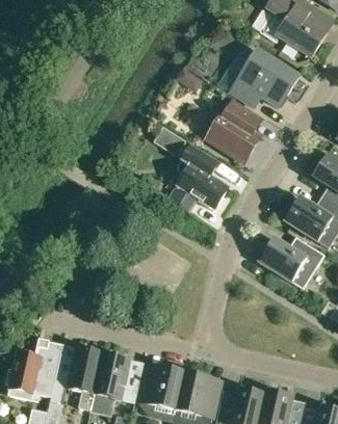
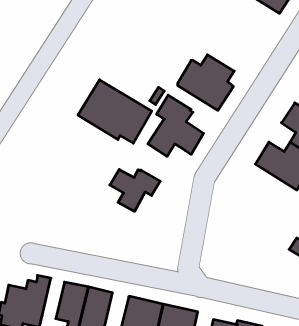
building: [230,49,297,106] -> none
building: none -> [78,80,152,143]
building: none -> [110,169,160,211]
building: [258,236,323,288] -> none

